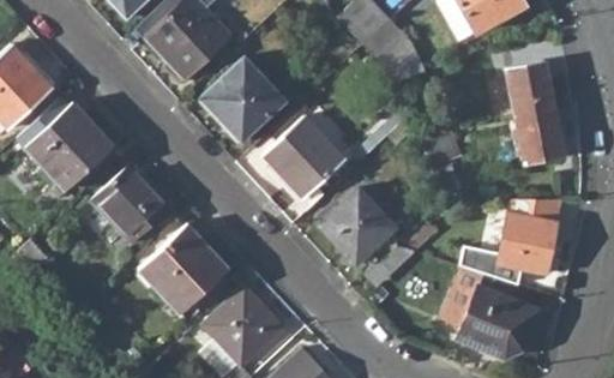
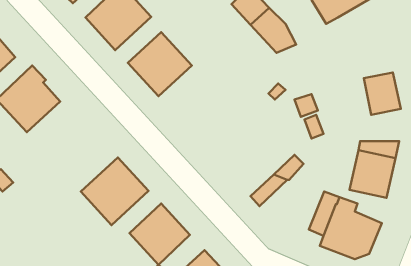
building: [506,61,554,116] -> none
building: [264,114,347,194] -> none
building: [92,161,173,242] -> none
building: [319,190,396,265] -> none

